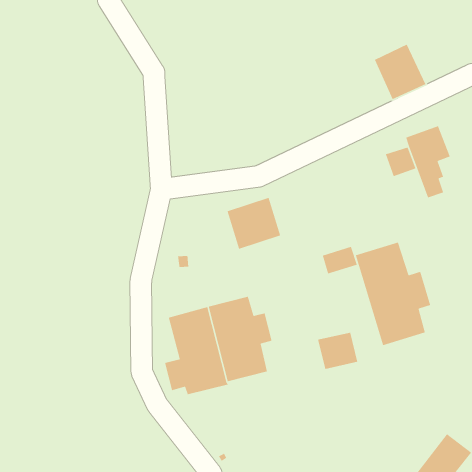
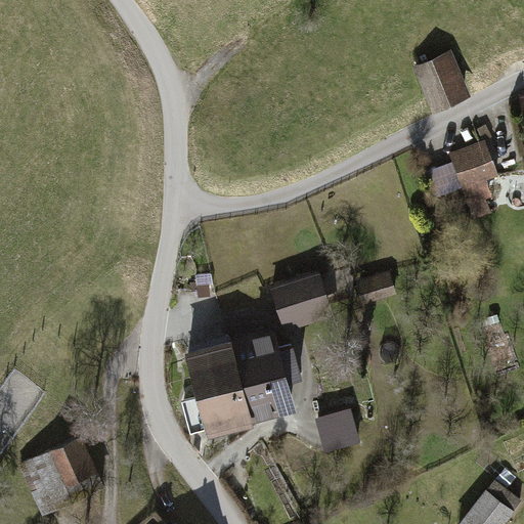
building: [226,197,281,250] -> [271,272,332,331]
building: [355,241,431,346] -> none
building: [317,332,358,370] -> [314,410,359,452]
building: none -> [16,436,103,517]

